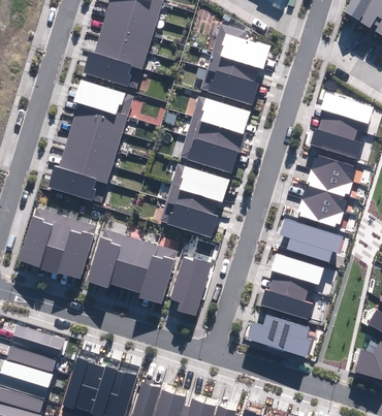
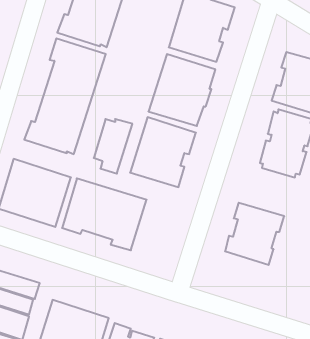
building: [279,218,344,262] -> none
building: [170,258,212,316] -> [94,119,132,174]
building: [248,314,311,357] -> none

